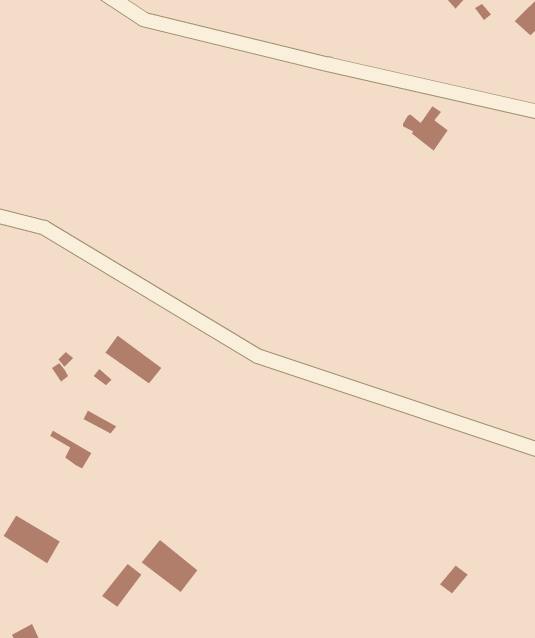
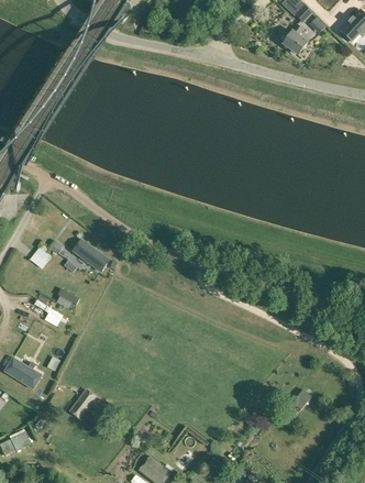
building: [402,105,449,152] -> [277,25,308,56]
building: [140,539,199,593] -> none

